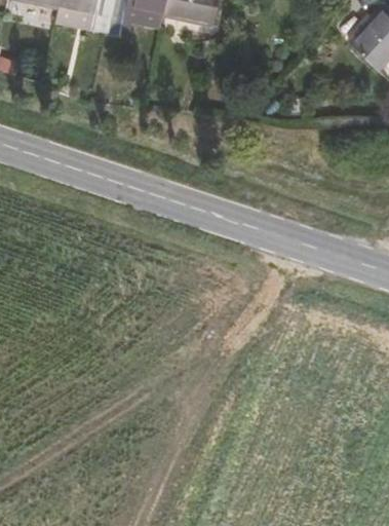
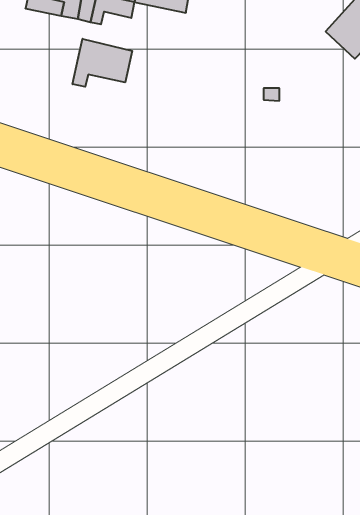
building: none -> [73,39,132,87]

